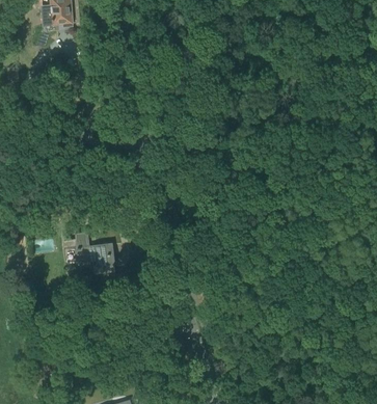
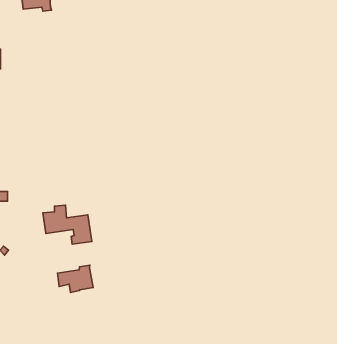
building: none -> [57,265,93,292]

